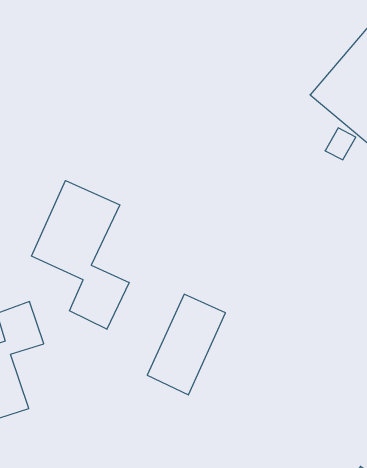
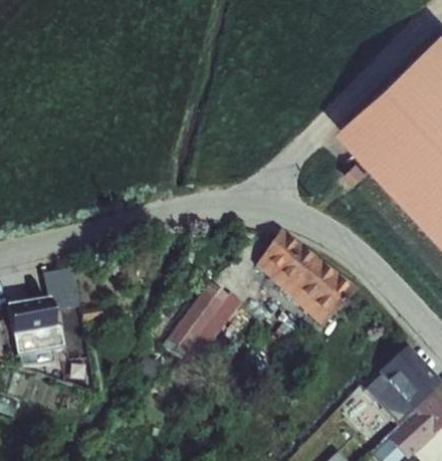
building: [31,181,129,329] -> none
building: none -> [251,228,355,327]

